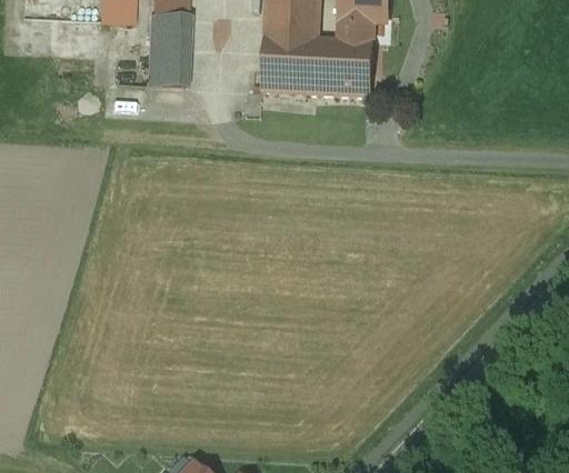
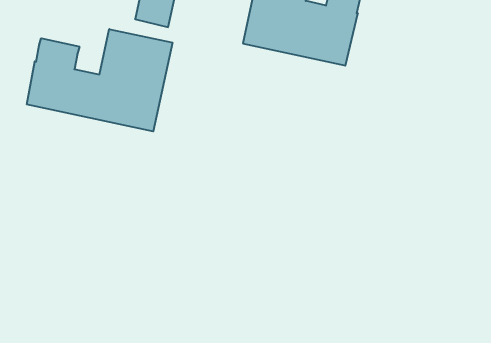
building: none -> [27,29,172,131]

